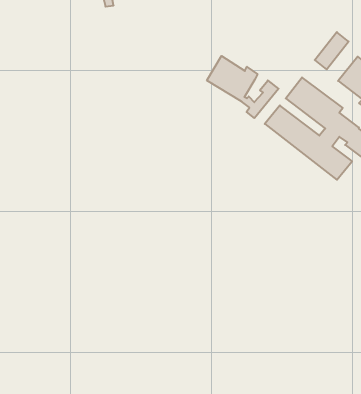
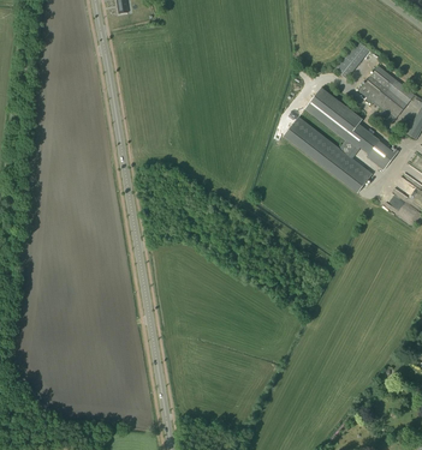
building: [207,56,279,118] -> none

